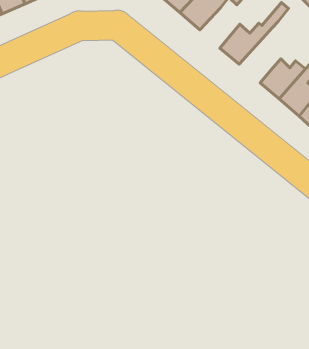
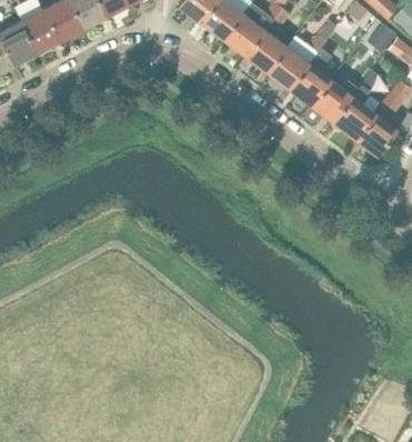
building: none -> [244,31,285,73]
building: none -> [288,48,332,107]

